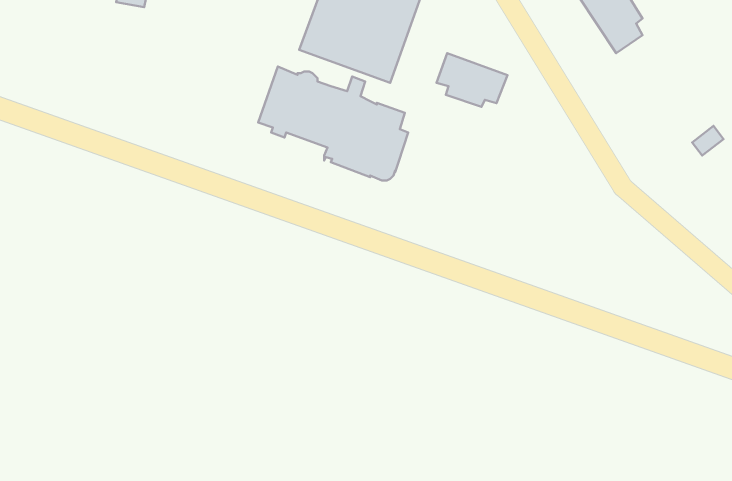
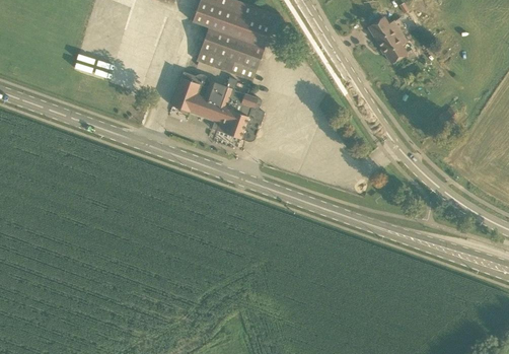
building: [437,53,507,107] -> none

